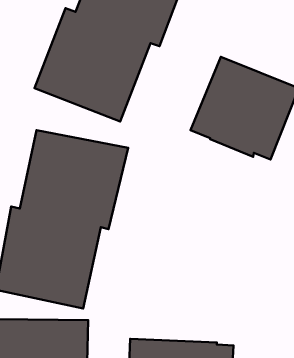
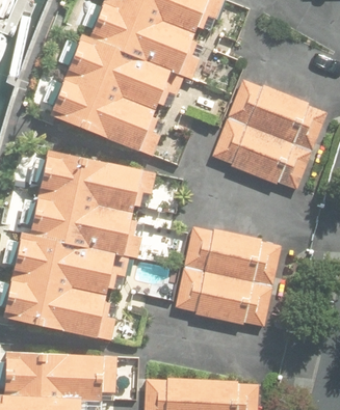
building: none -> [178,227,283,326]

